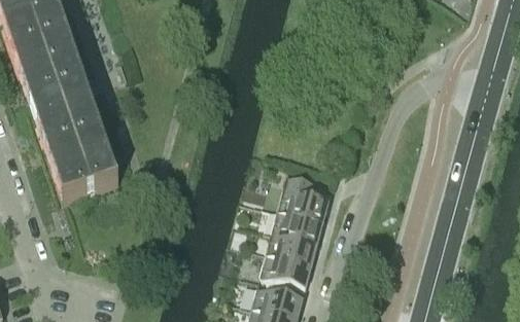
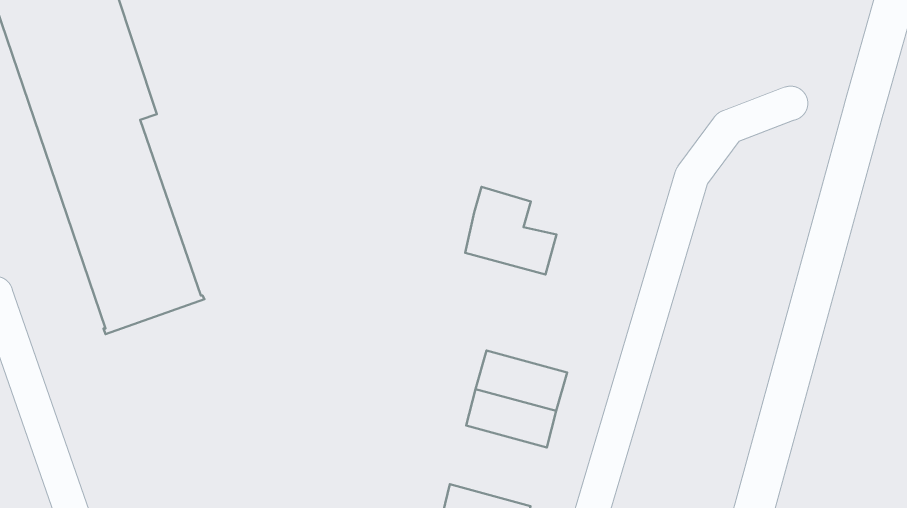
building: [277,175,328,224] -> [465,187,557,275]
building: [259,254,311,289] -> none

